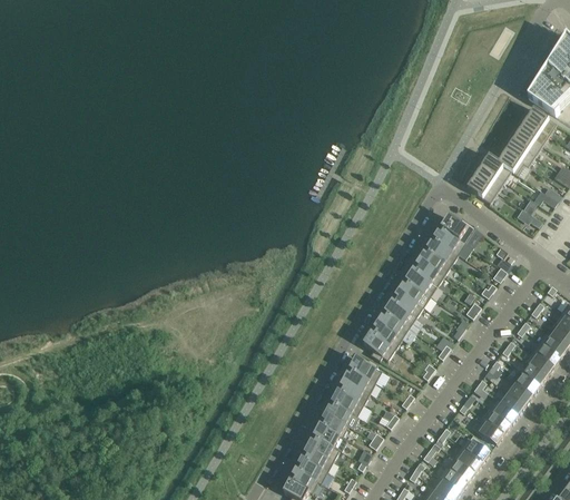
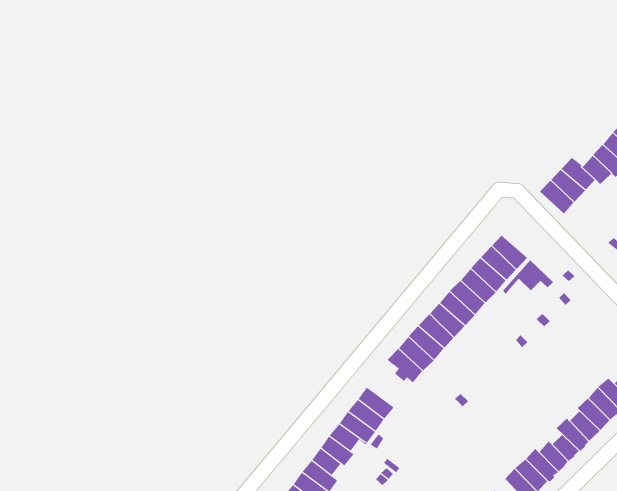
building: [440,215,474,242] -> none
building: [348,355,381,381] -> none

